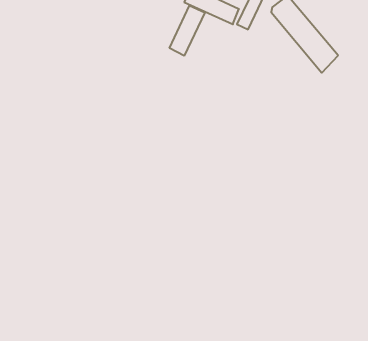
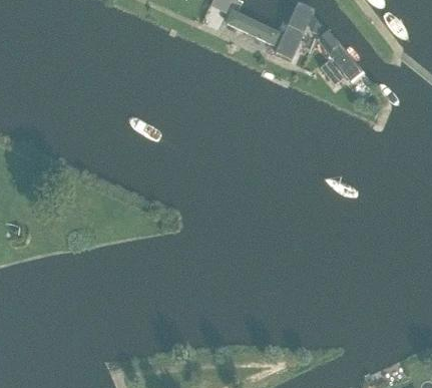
building: [170,5,205,56] -> none

